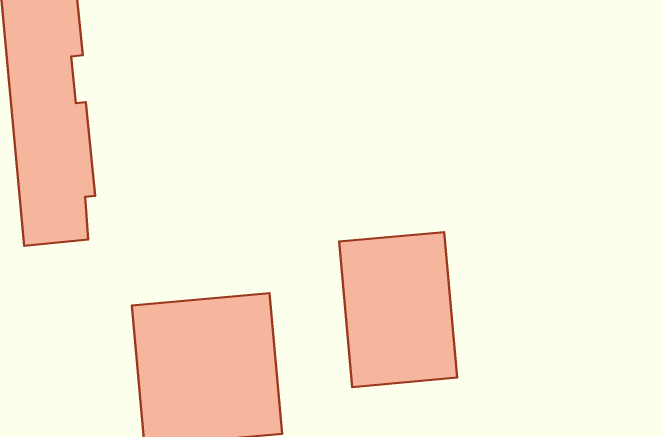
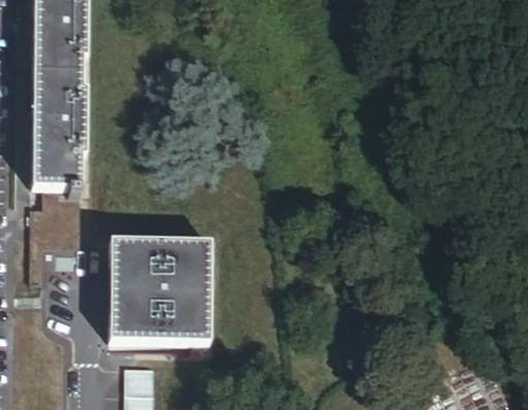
building: [339,232,457,387] -> none

